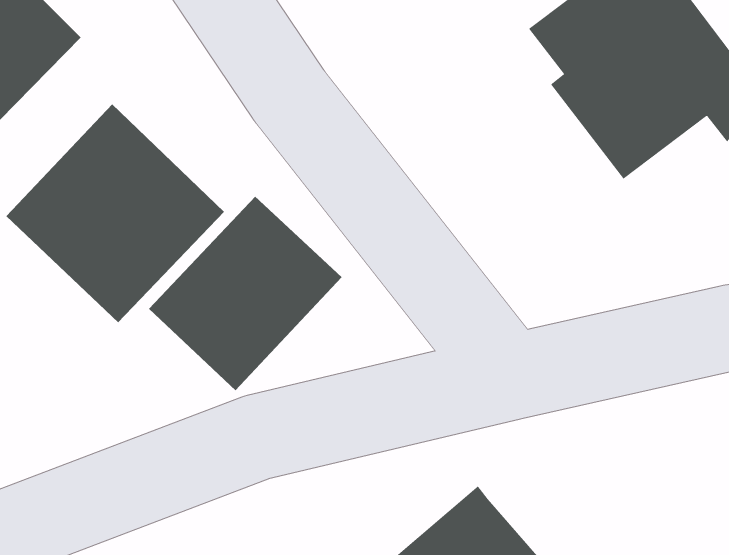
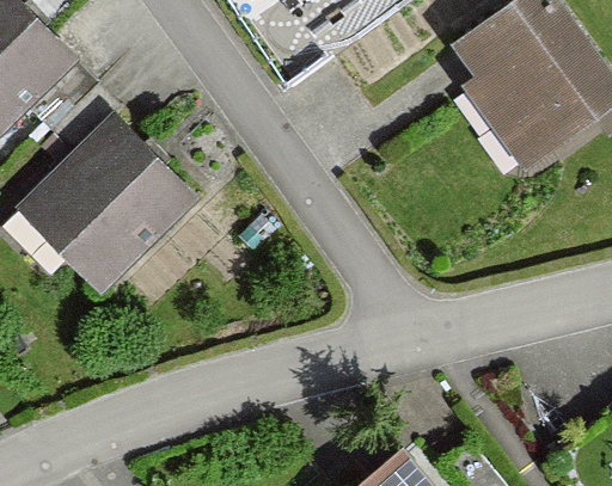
building: [148,196,343,391] -> none

